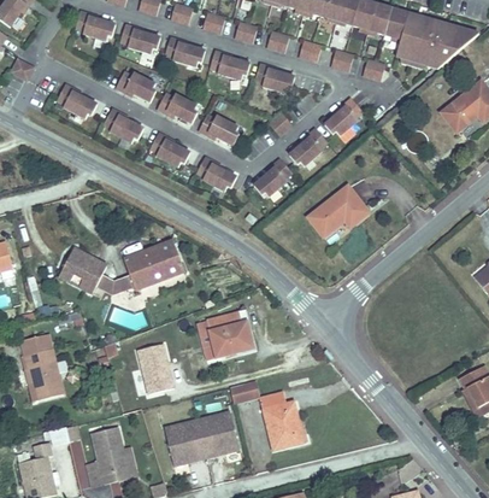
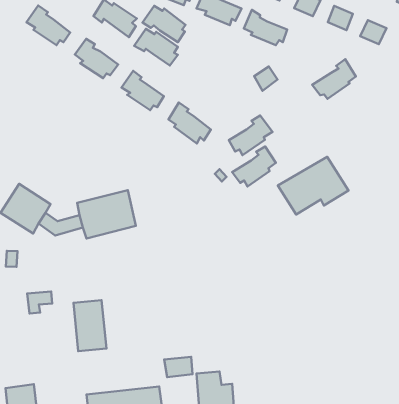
building: [200,112,240,142] -> [142,6,186,42]
building: [290,124,329,163] -> [232,147,276,186]
building: [207,318,252,357] -> none

